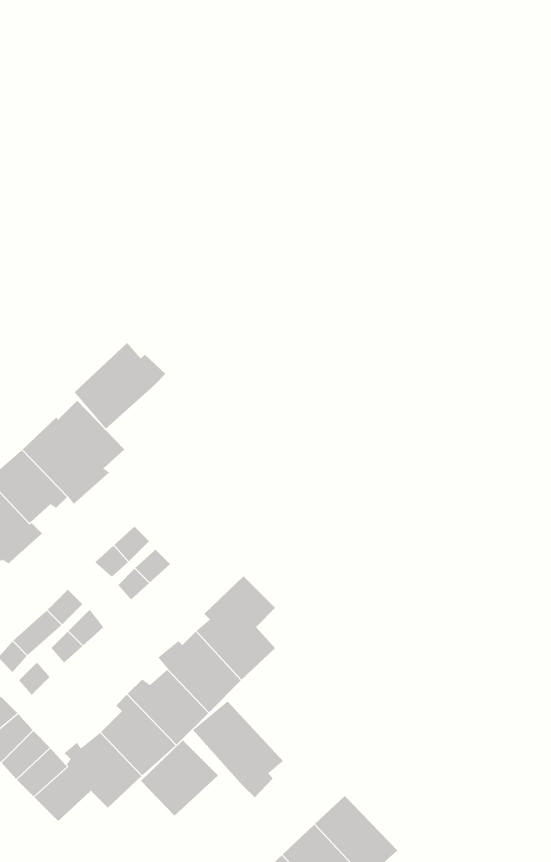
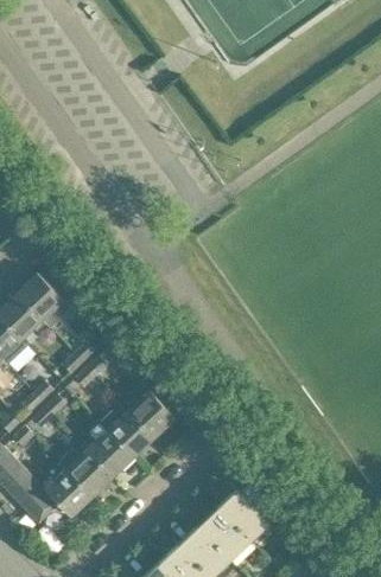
building: [74,342,166,429] -> none
building: [192,700,284,798] -> none
building: [140,740,219,817] -> none
building: none -> [215,487,277,545]

